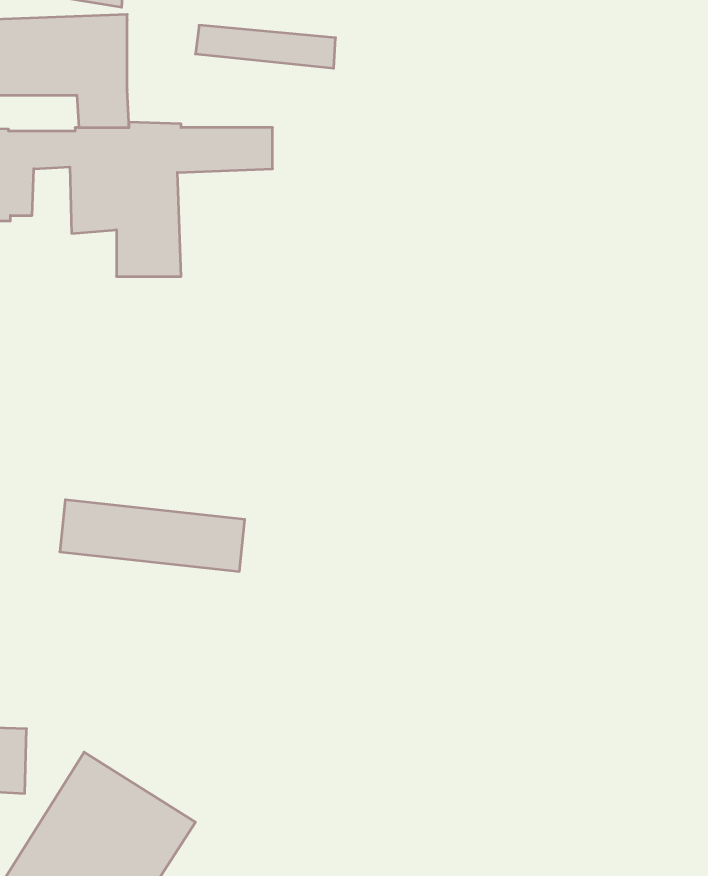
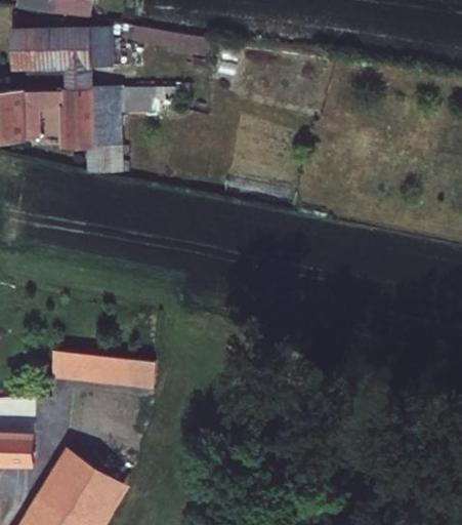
building: none -> [91,27,113,69]
building: [60,500,245,571] -> [49,350,155,391]

